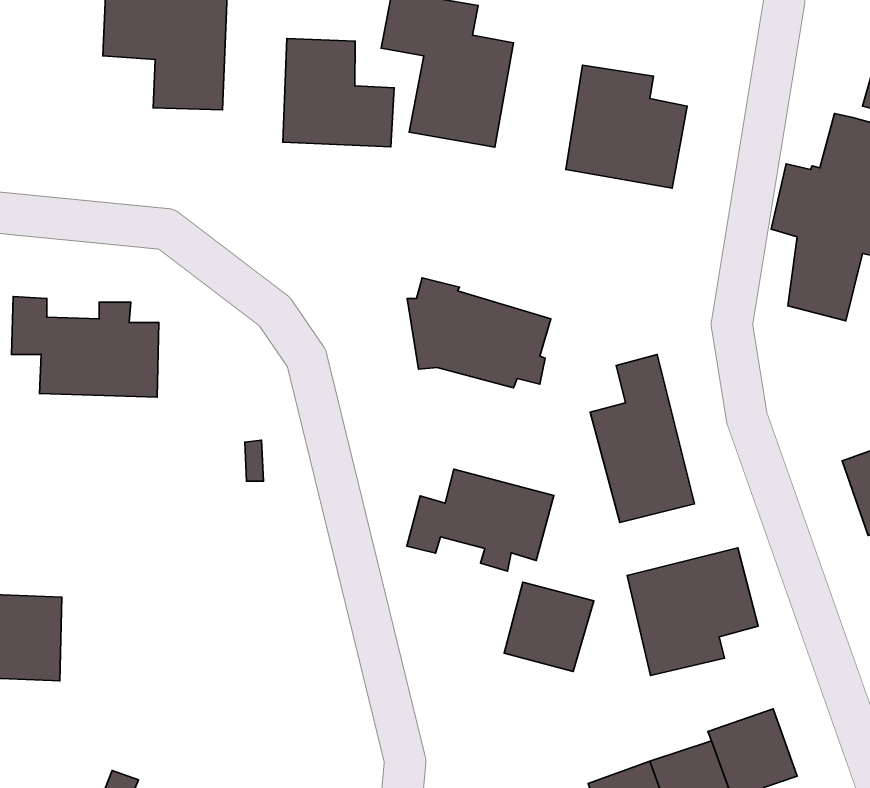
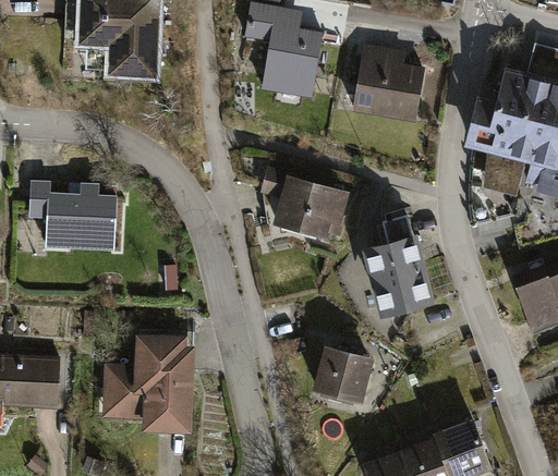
building: [283,38,394,147] -> none
building: [407,469,554,571] -> none
building: [627,548,758,676] -> none
building: none -> [106,330,190,432]

